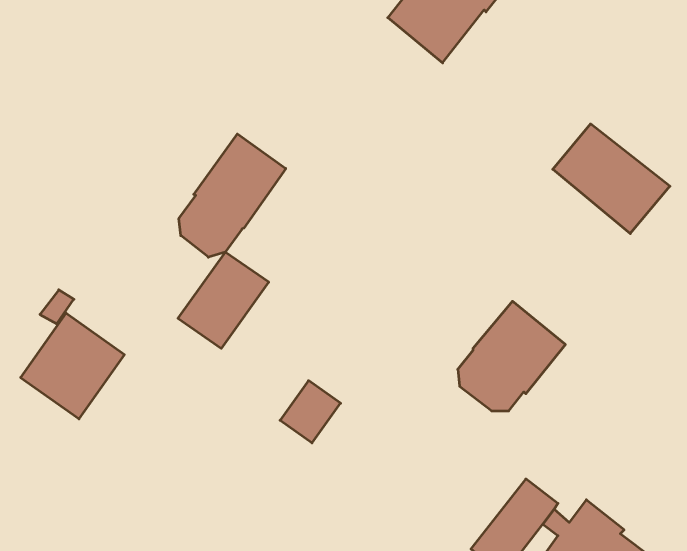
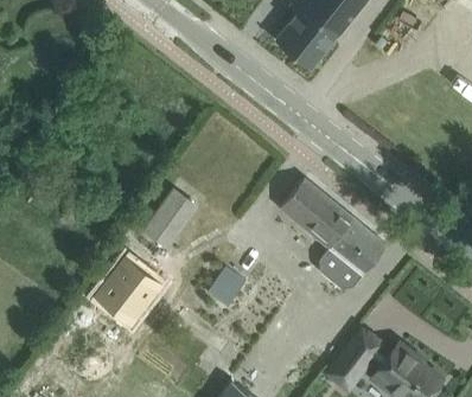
building: [553,124,670,234] -> [280,179,353,248]
building: [179,134,286,257] -> none
building: [21,313,124,419] -> [97,257,162,324]

